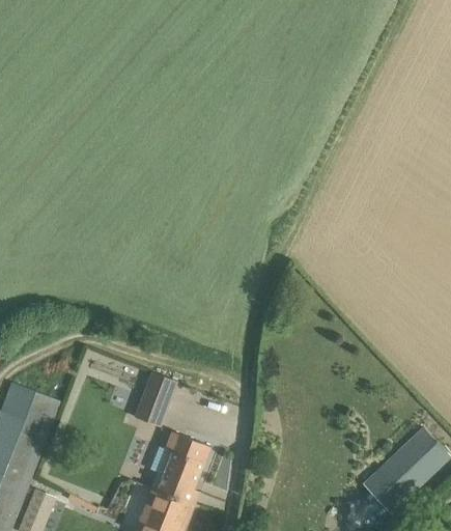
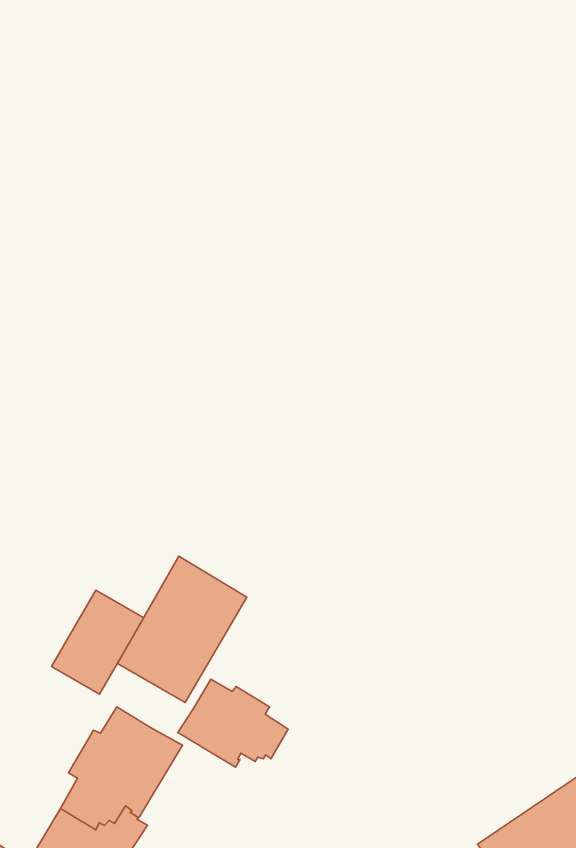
building: none -> [118,556,247,702]
building: none -> [178,679,288,767]

